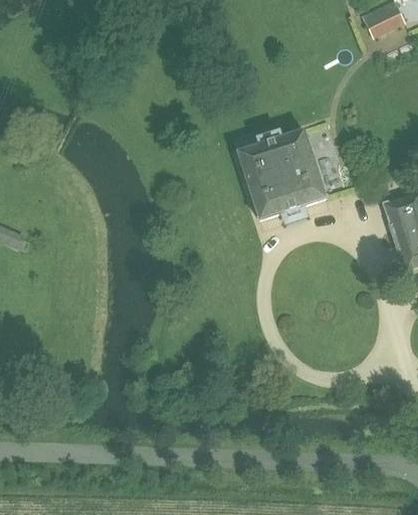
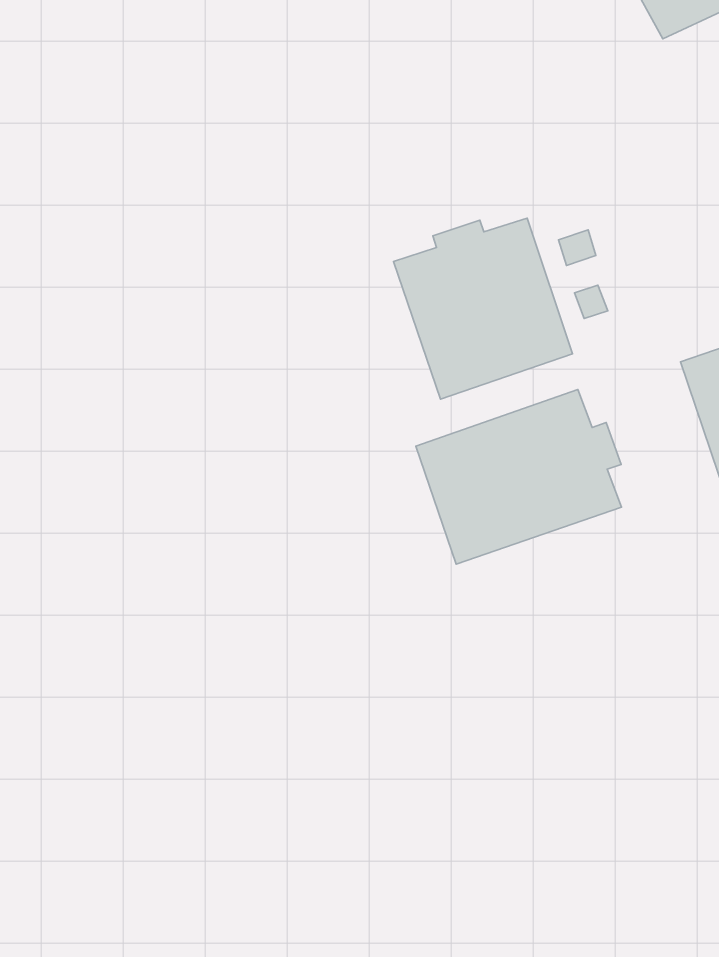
building: none -> [416,389,621,564]

